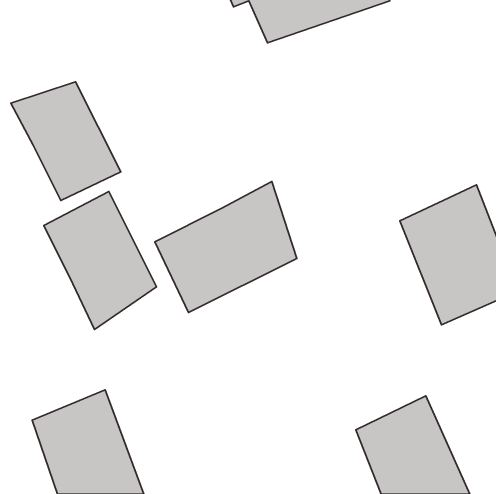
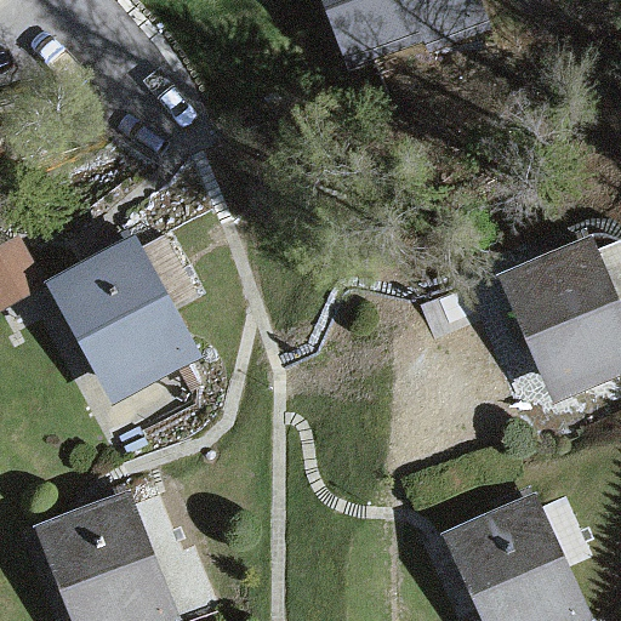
building: [11,82,121,201] -> none
building: [155,182,297,313] -> none

